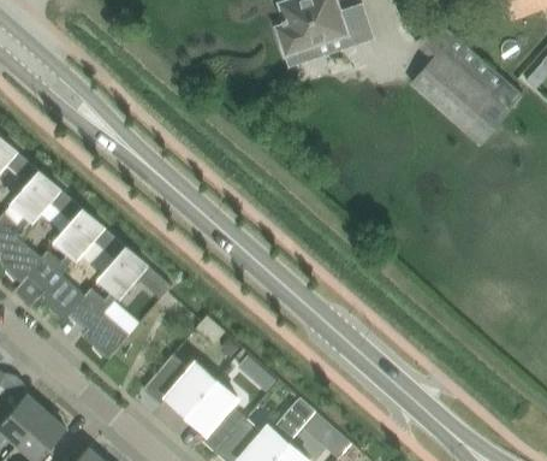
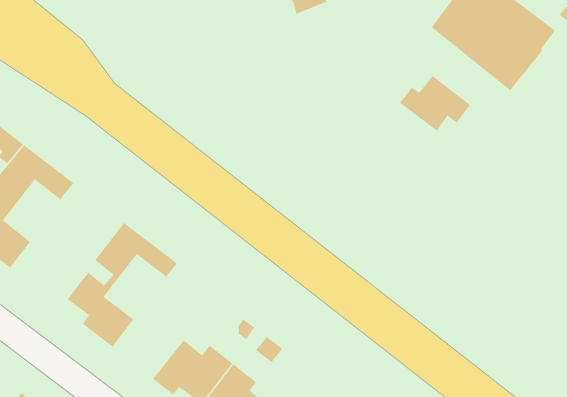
building: none -> [399,75,471,131]
building: [28,209,125,321] -> none

